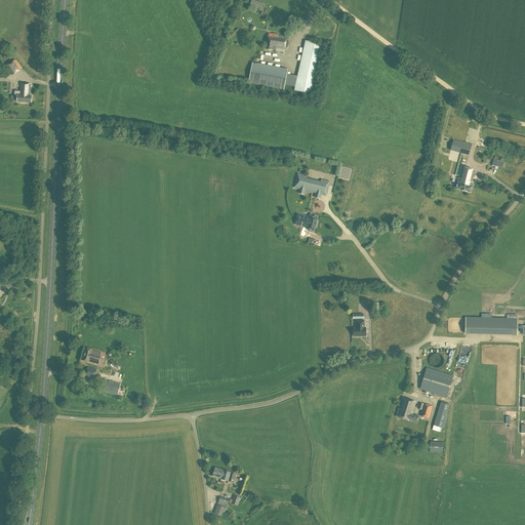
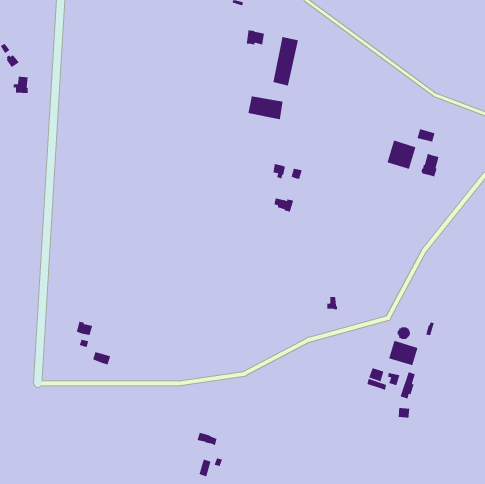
building: [248,62,287,88] -> [247,96,283,120]
building: none -> [386,140,417,170]
building: [465,314,517,331] -> none

